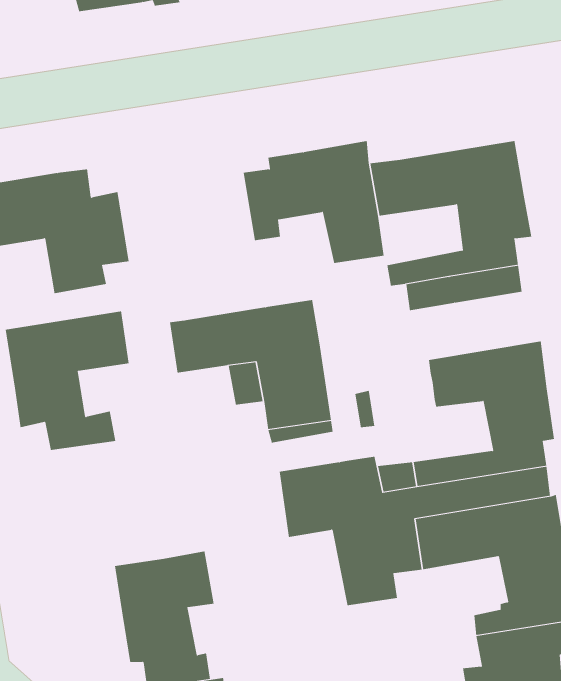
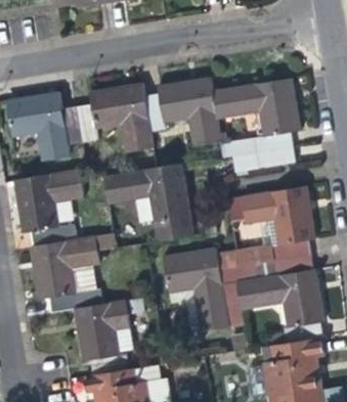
building: none -> [77,83,153,150]
building: none -> [31,236,101,311]

